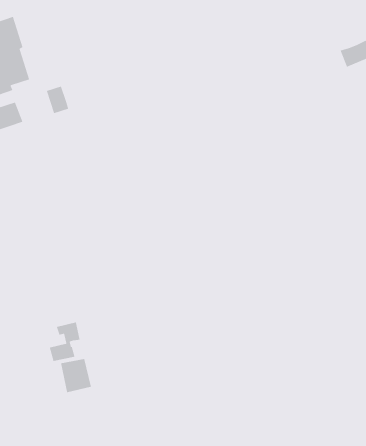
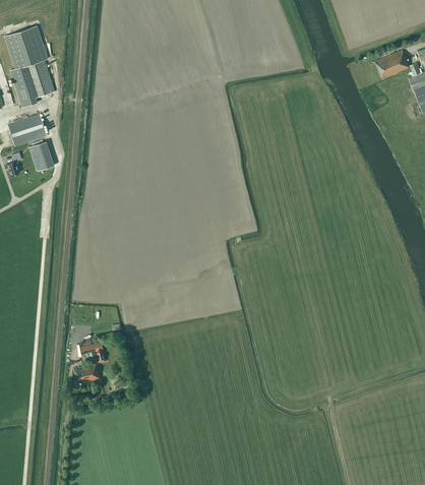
building: [46,86,69,114] -> [29,141,54,171]
building: [60,358,92,393] -> none

